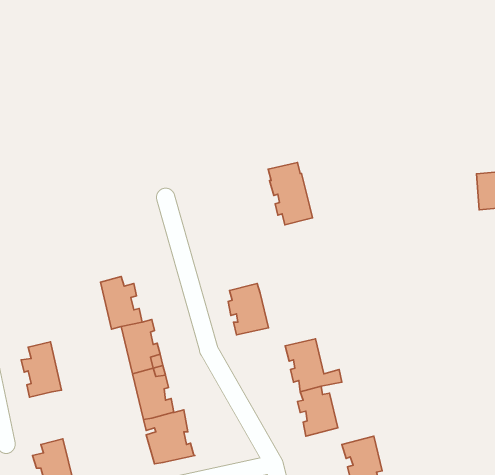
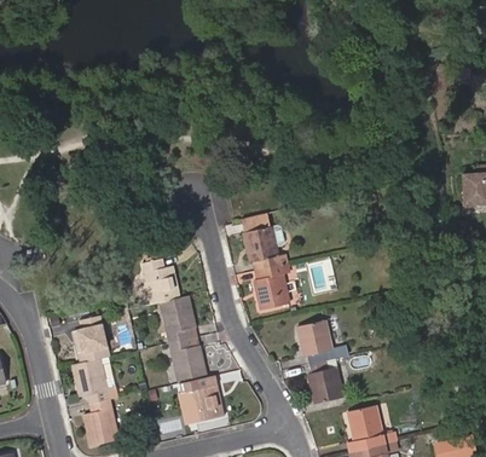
building: [268,162,313,225] -> [237,221,276,276]
building: none -> [69,364,106,410]

